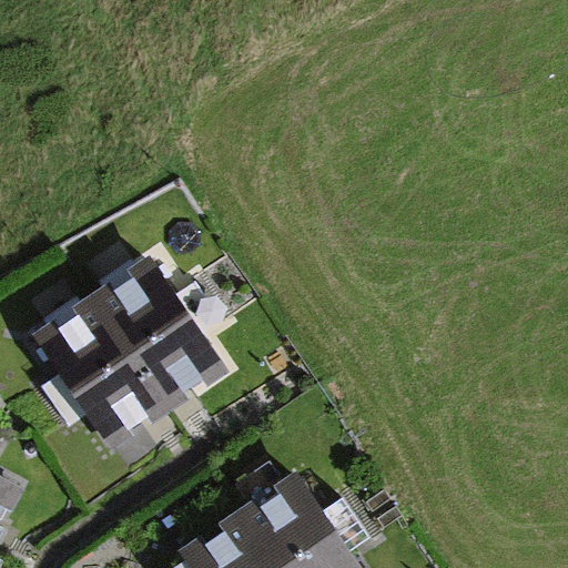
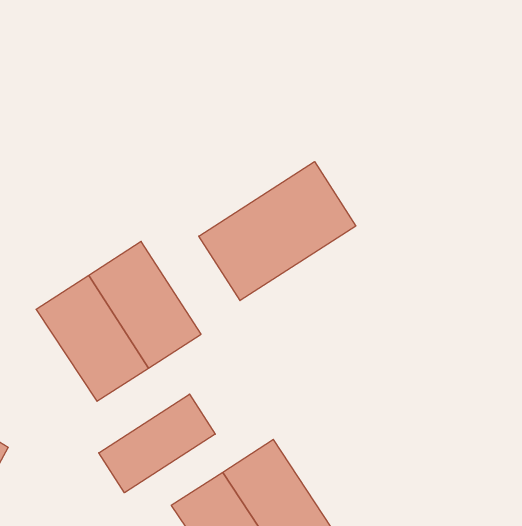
building: none -> [199,162,356,301]
building: none -> [99,394,215,493]

